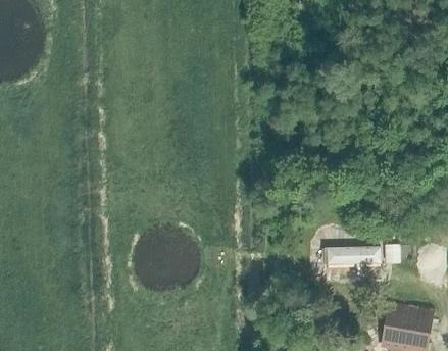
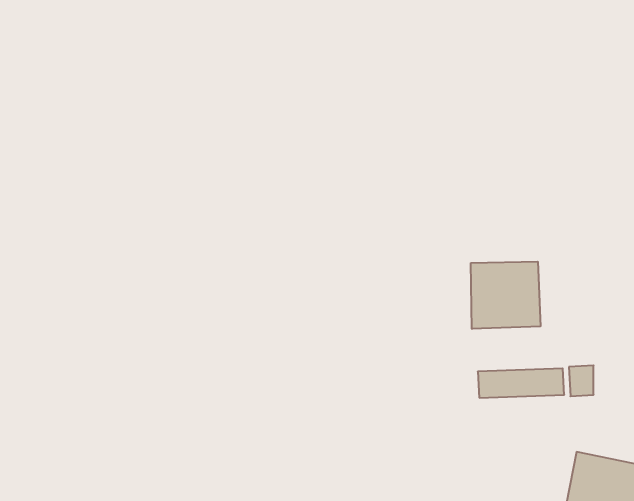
building: none -> [471,262,540,329]

